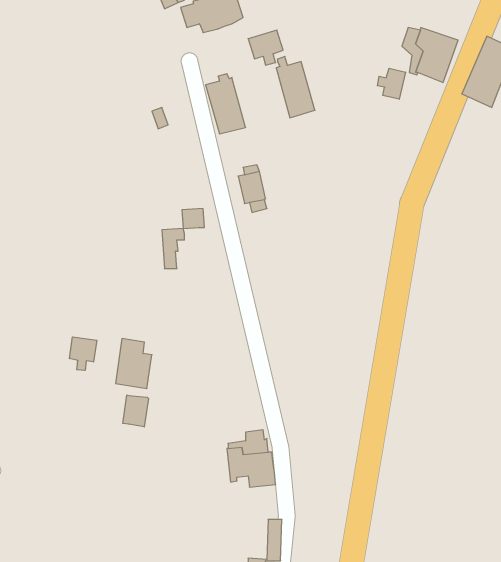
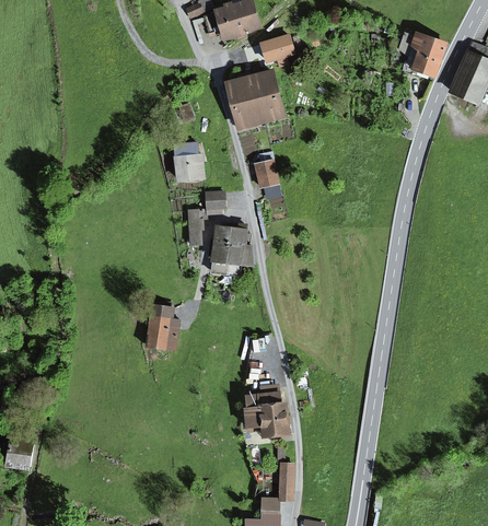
building: [276,57,315,118] -> [249,67,283,120]
building: [377,68,405,99] -> none
building: none -> [175,142,205,179]
building: none -> [211,224,252,276]
building: [69,337,97,370] -> none
building: [123,395,148,427] -> none

